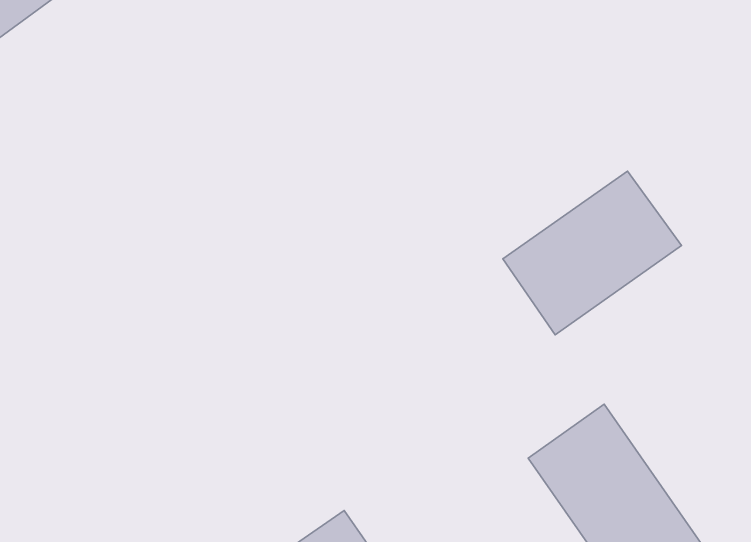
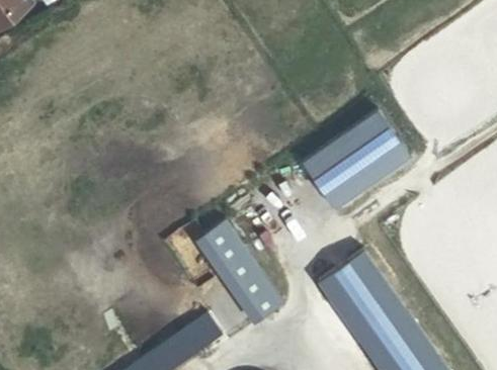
building: none -> [204,218,284,318]

